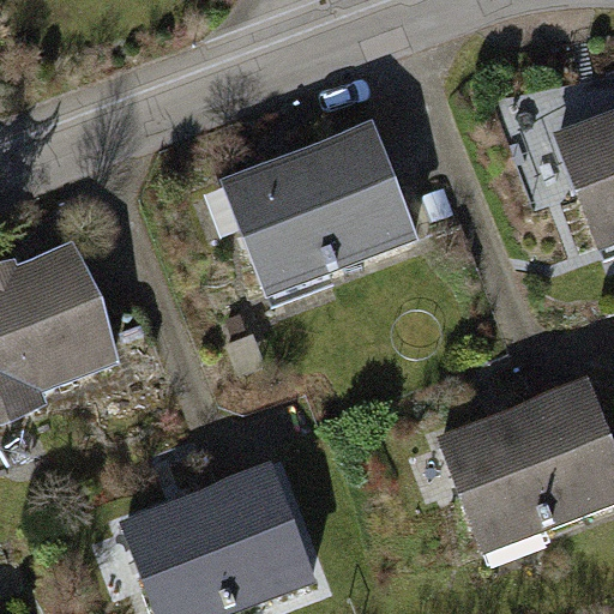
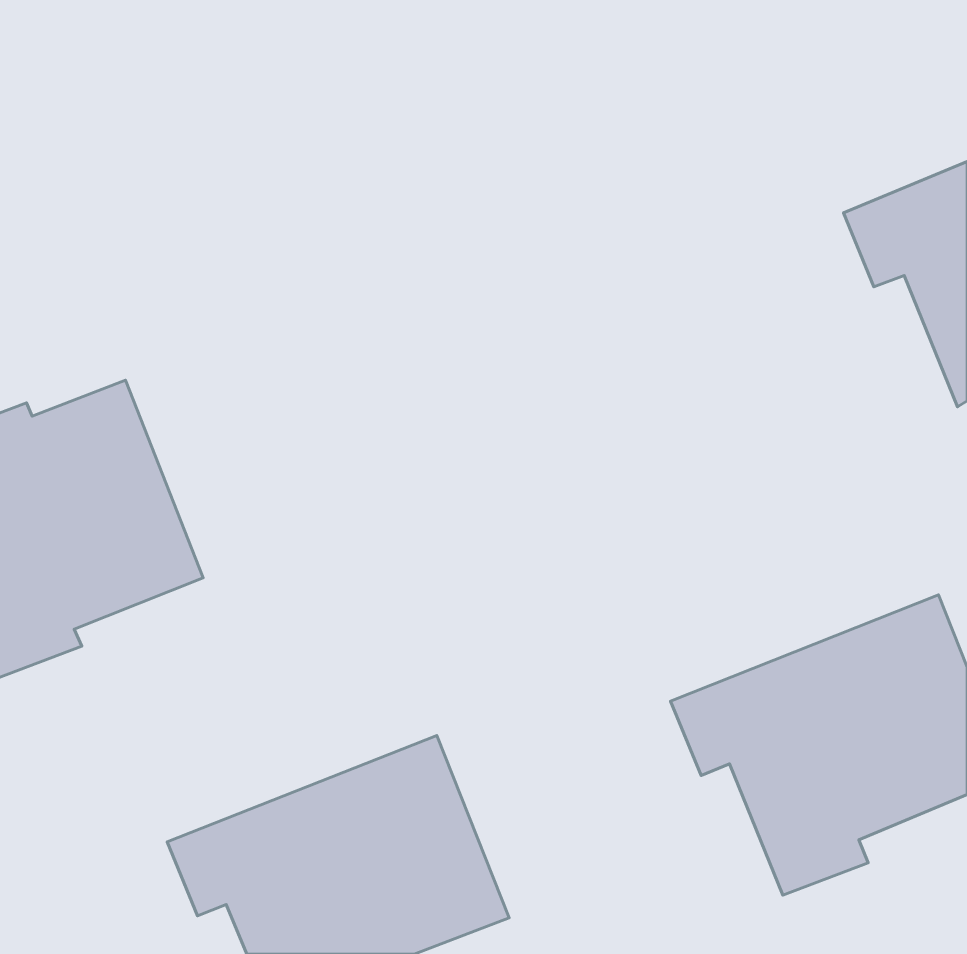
building: [203,122,419,313] -> none

